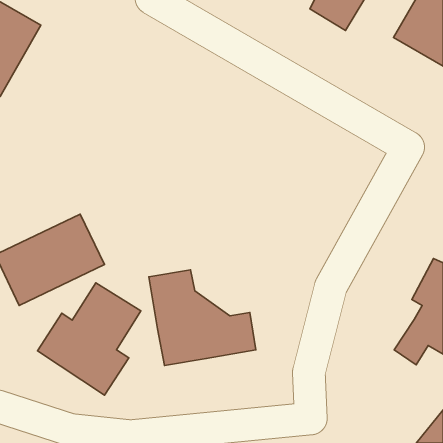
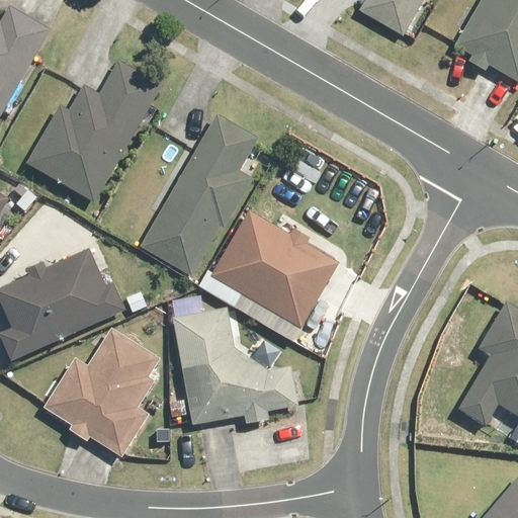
building: none -> [37,61,163,200]
building: none -> [144,120,260,271]
building: none -> [220,217,335,322]

